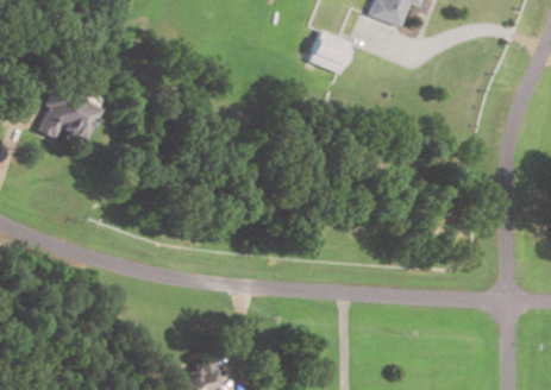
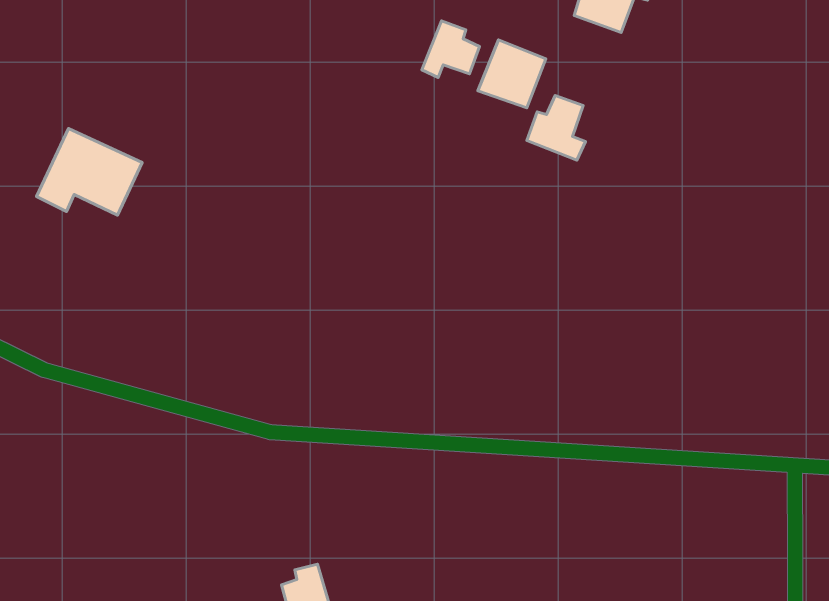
building: none -> [422,21,480,78]
building: none -> [527,95,586,160]

